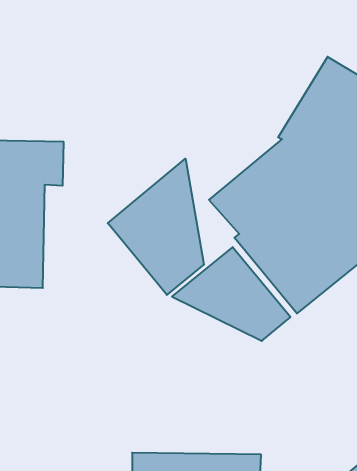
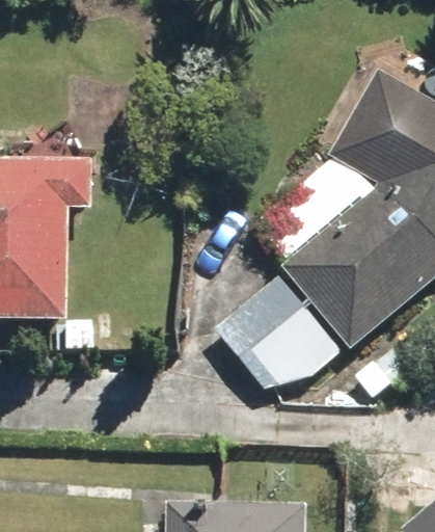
building: [108,159,204,295] -> none

